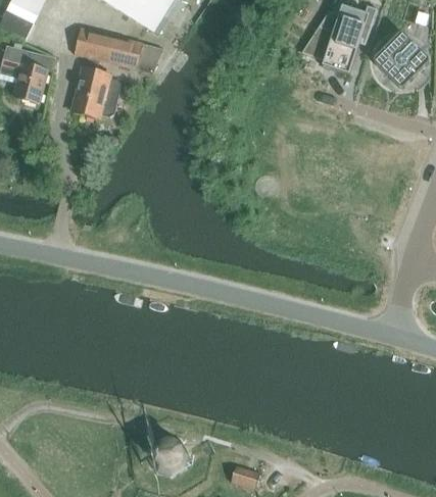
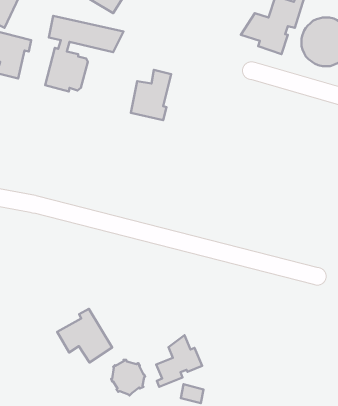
building: none -> [131,70,171,120]
building: none -> [57,309,112,362]
building: none -> [156,335,202,387]

